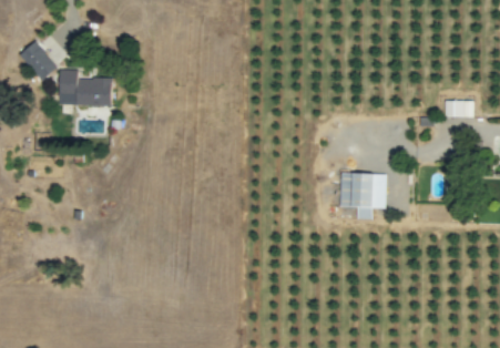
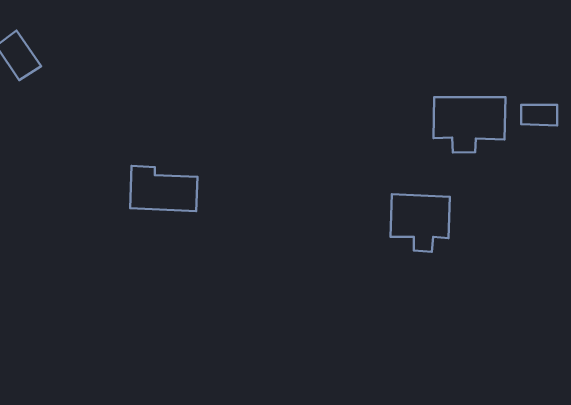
building: [59,70,113,106] -> [130,166,197,211]
building: none -> [433,97,505,153]

